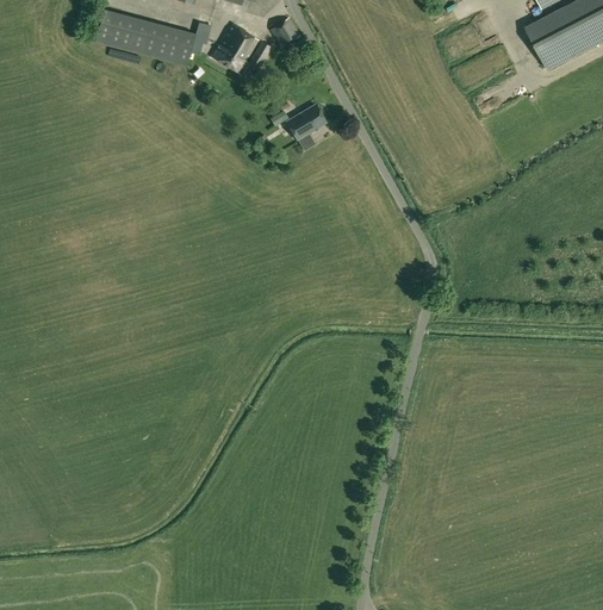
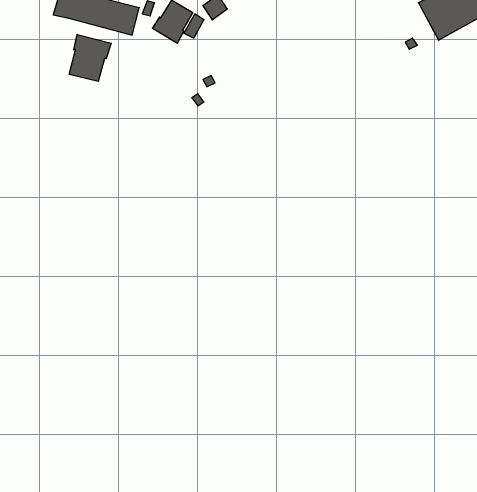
building: none -> [69,34,111,81]
building: [287,106,325,138] -> none

